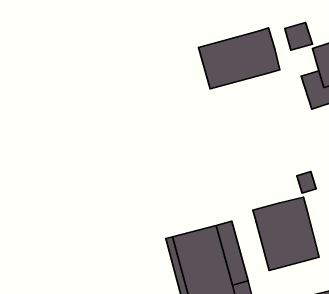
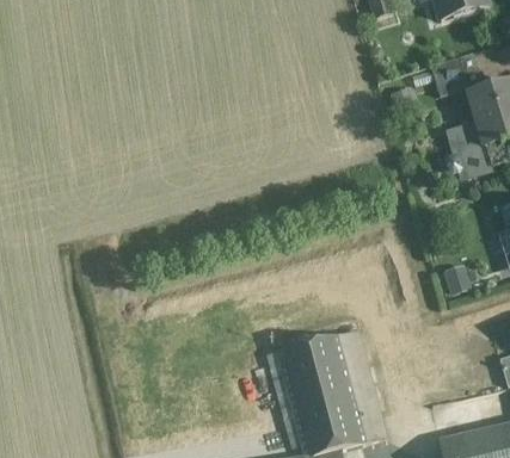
building: [198,28,280,89] -> none
building: [253,197,319,271] -> none

